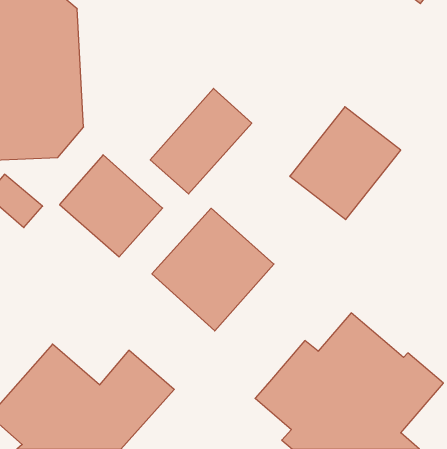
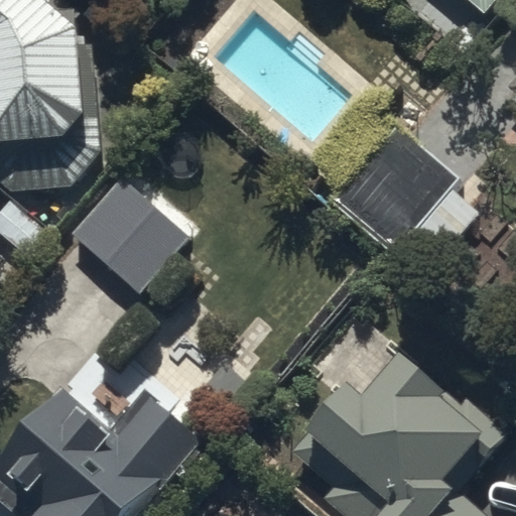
building: [150,88,252,194] -> none
building: [152,208,274,331] -> none

